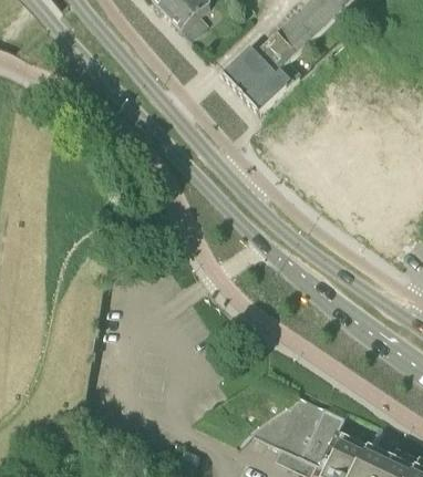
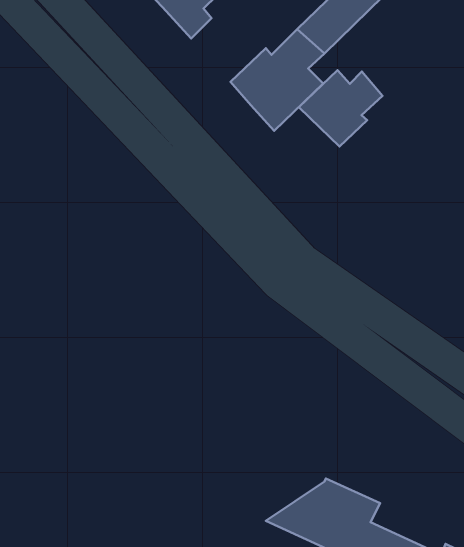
building: none -> [299,70,382,147]

